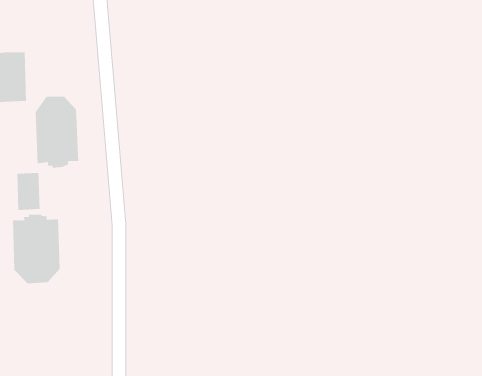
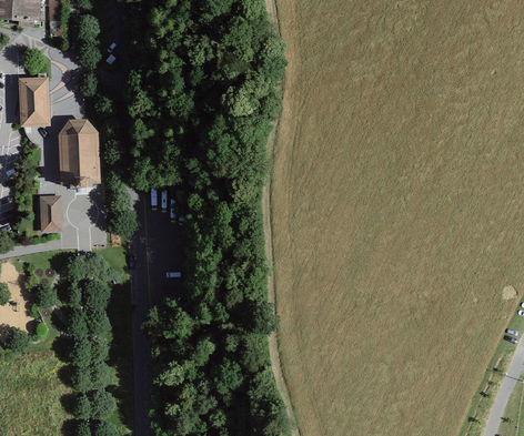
building: [12,214,61,284] -> none

